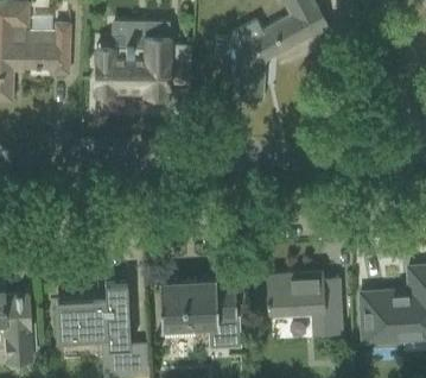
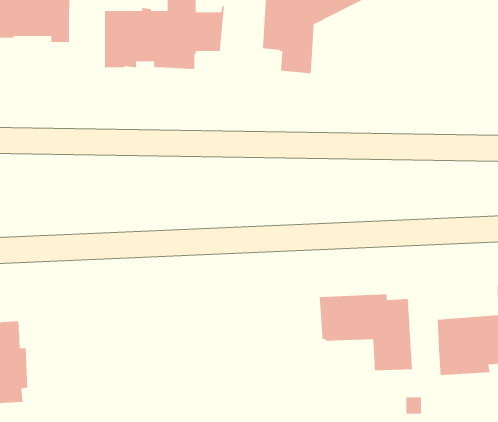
building: [159,279,242,349] -> none
building: [57,284,132,371] -> none

